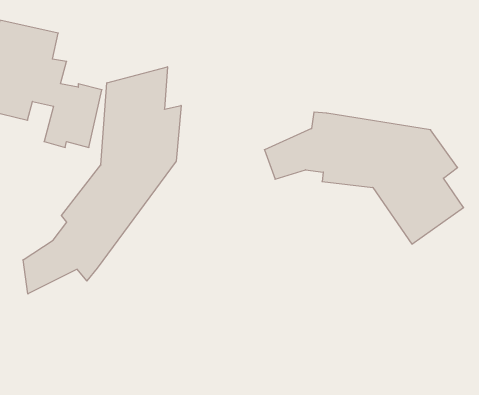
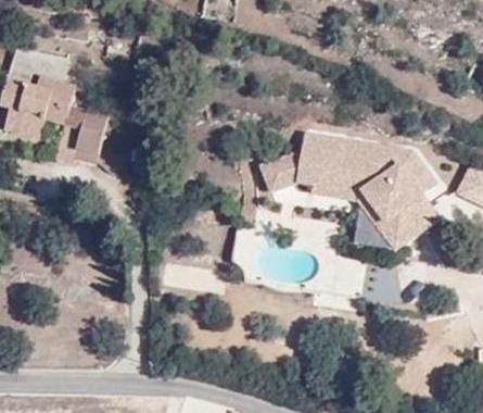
building: [23,67,181,294] -> none

